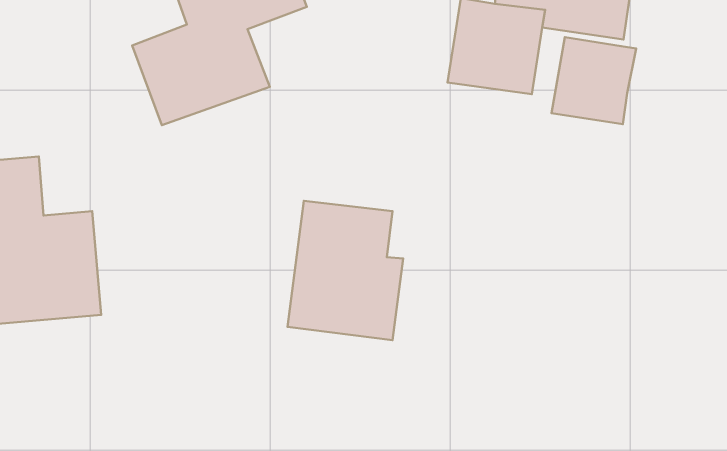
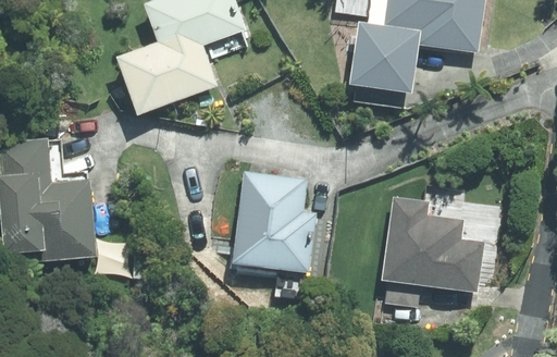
building: [552,37,636,124] -> none
building: none -> [382,200,482,293]

